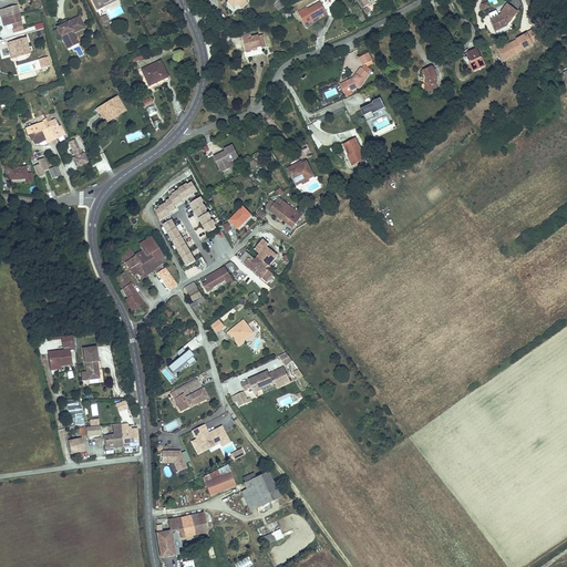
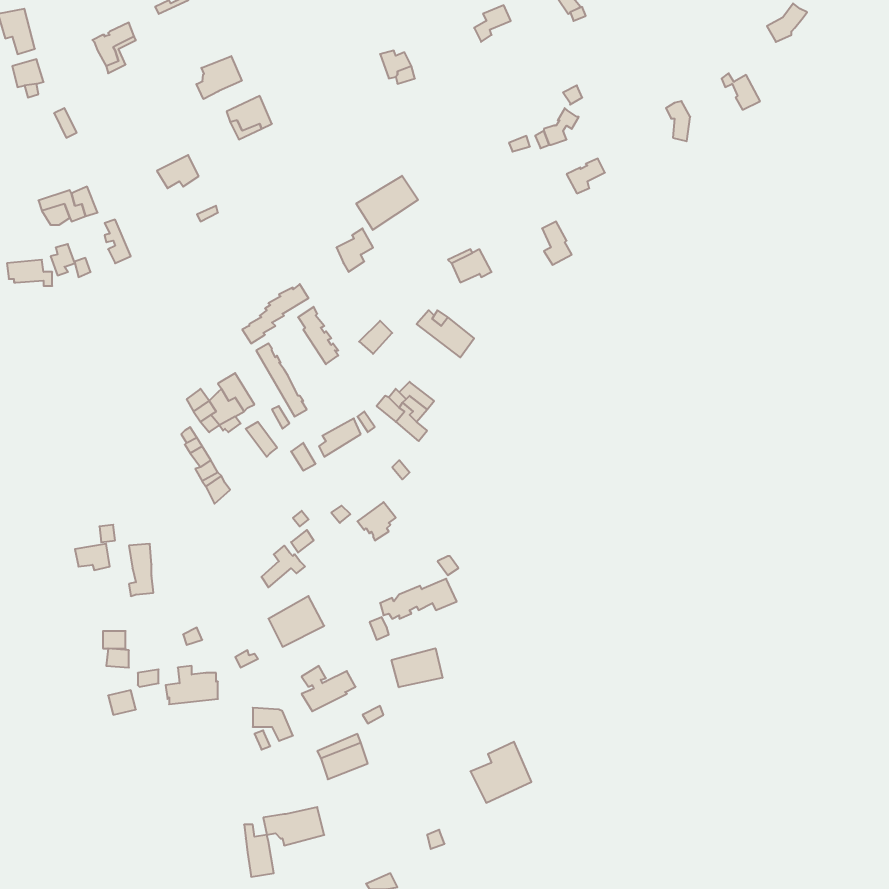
building: none -> [196,56,242,99]
building: none -> [356,176,418,230]
building: none -> [392,648,442,687]
building: [239,472,278,511] -> [470,742,531,803]

